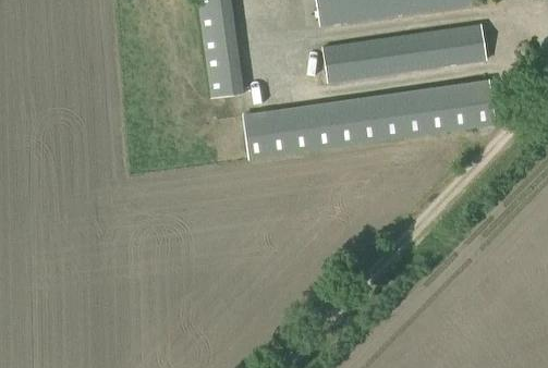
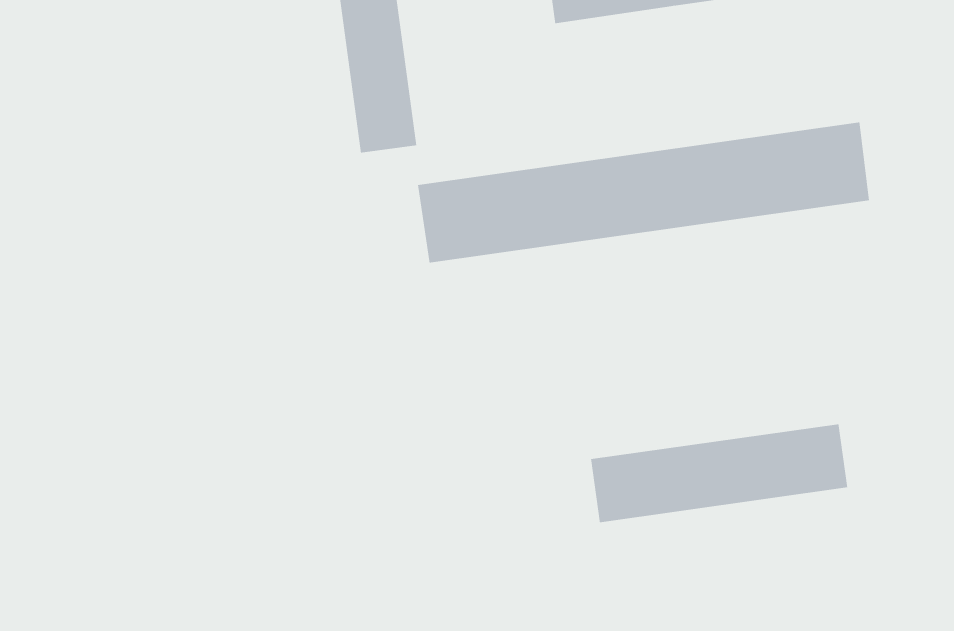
building: [322,25,486,83] -> none
building: none -> [591,423,848,523]

